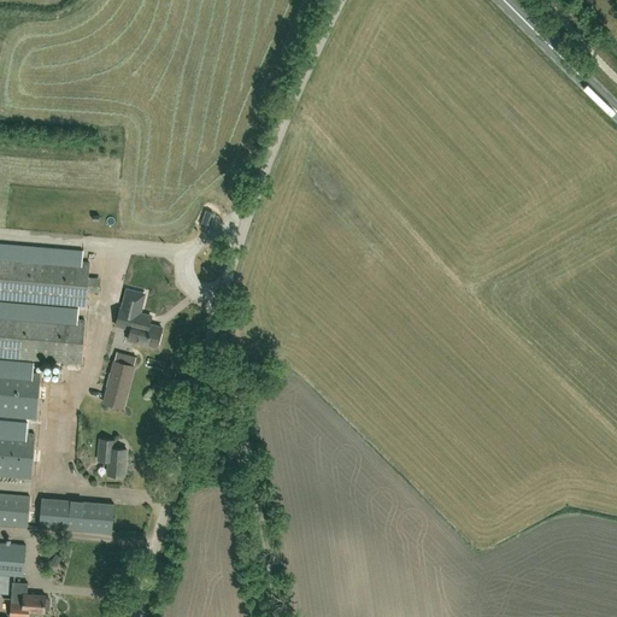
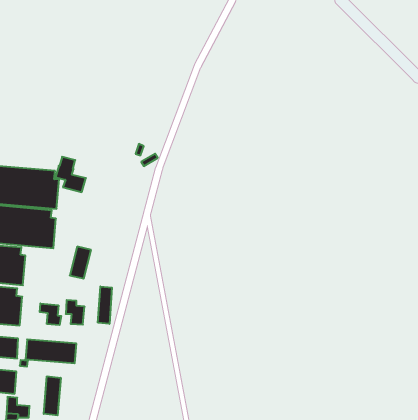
building: [114,295,159,347] -> [55,157,86,192]
building: none -> [98,286,112,324]
building: none -> [40,303,61,325]
building: none -> [44,376,61,415]

